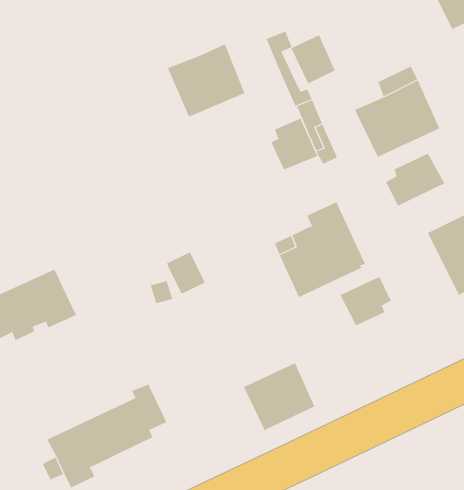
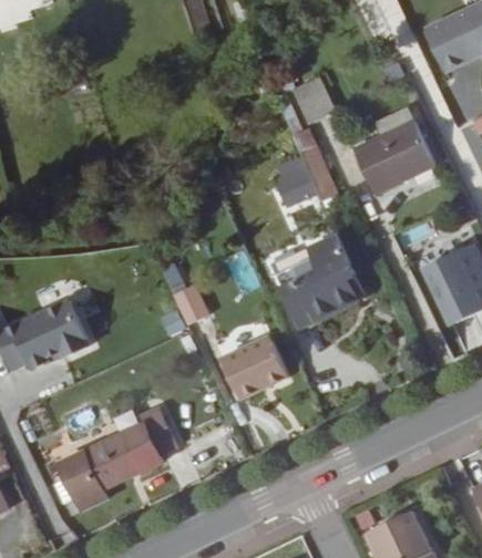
building: [167,44,245,118] -> none
building: [385,153,445,206] -> none
building: [339,276,392,326] -> none
building: [243,362,315,431] -> [219,334,288,400]

